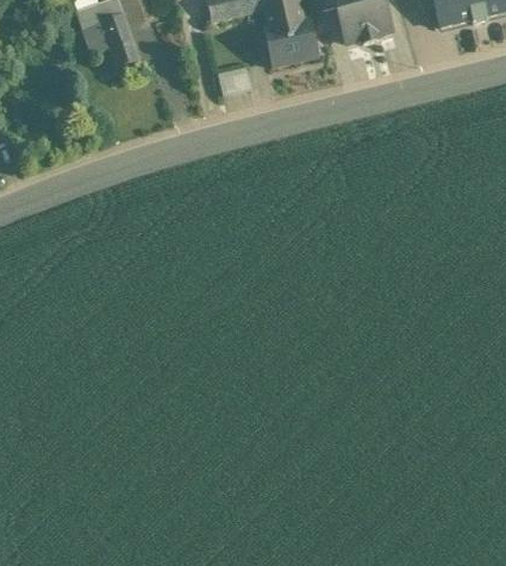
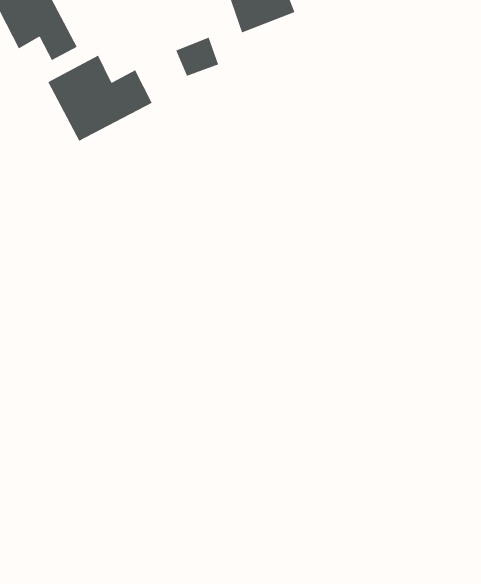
building: none -> [47,54,153,142]

